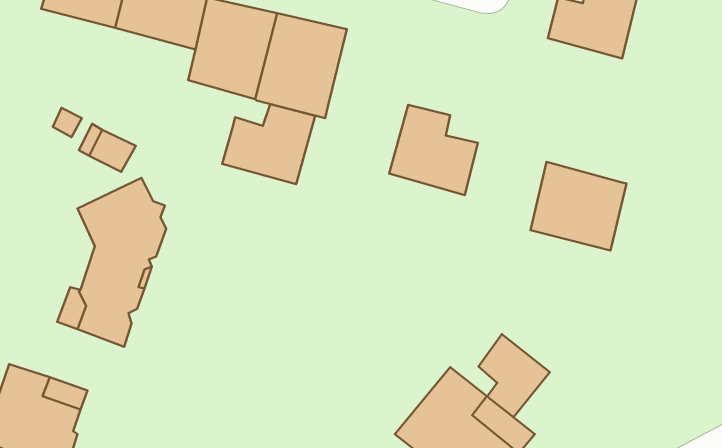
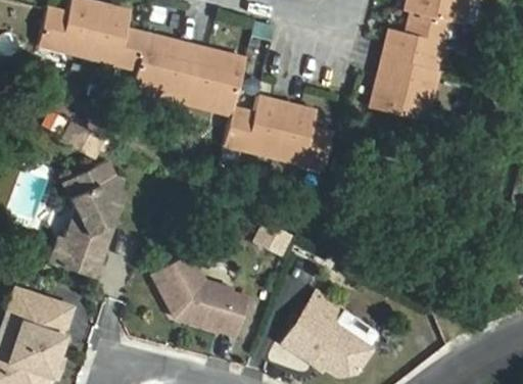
building: [222,104,315,184] -> [227,98,292,154]
building: [530,162,627,251] -> [379,59,446,122]
building: none -> [148,259,244,339]
building: [479,334,550,417] -> none

